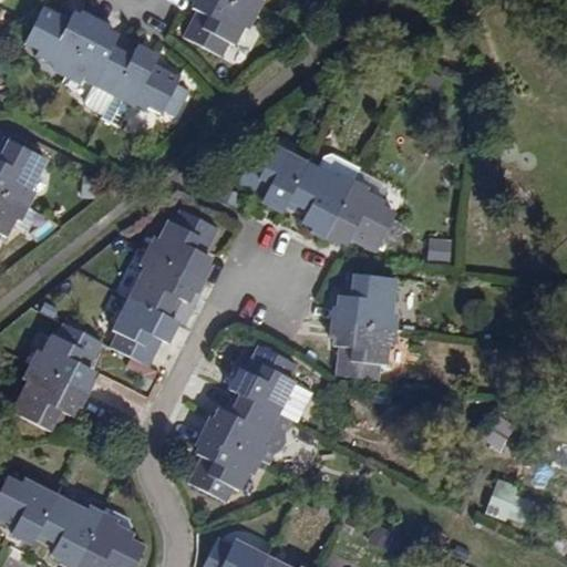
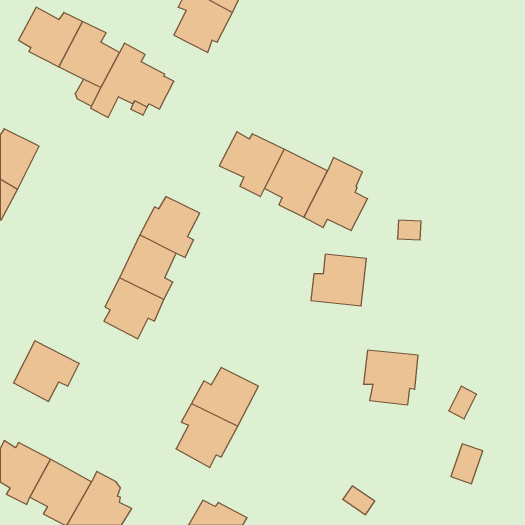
building: [39,322,103,391] -> none
building: [331,323,390,382] -> [363,350,418,405]
building: [230,349,313,425] -> none

